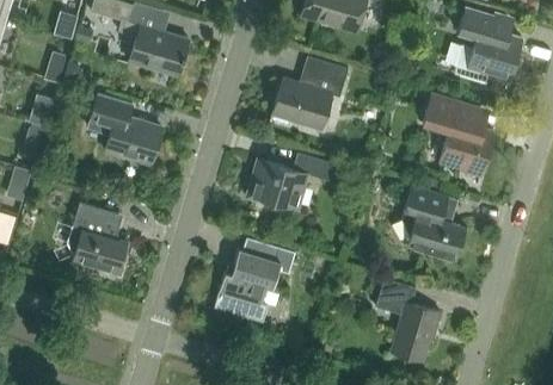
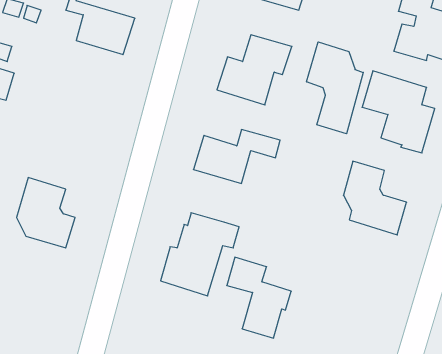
building: none -> [307,42,363,134]
building: [90,93,162,163] -> none
building: [375,278,441,360] -> [227,257,291,338]

